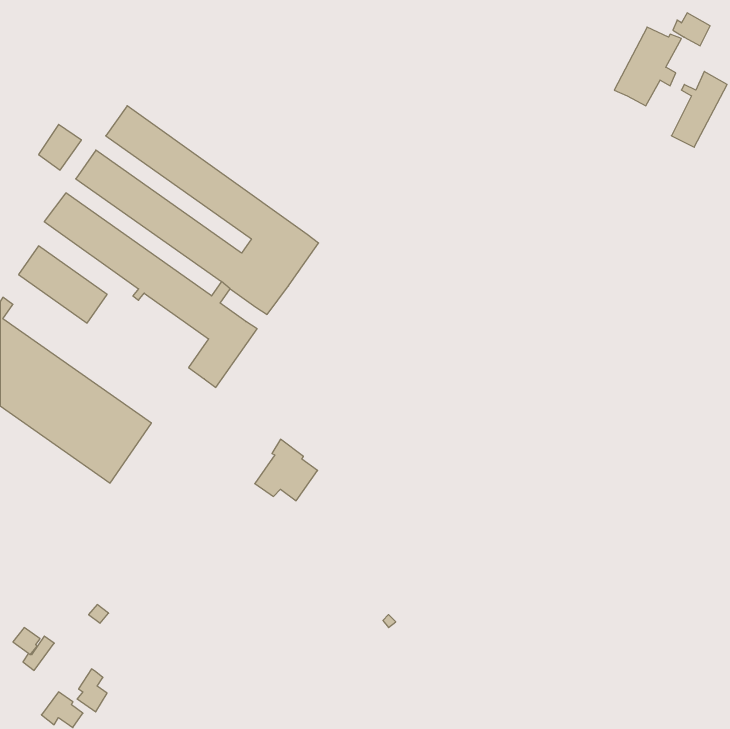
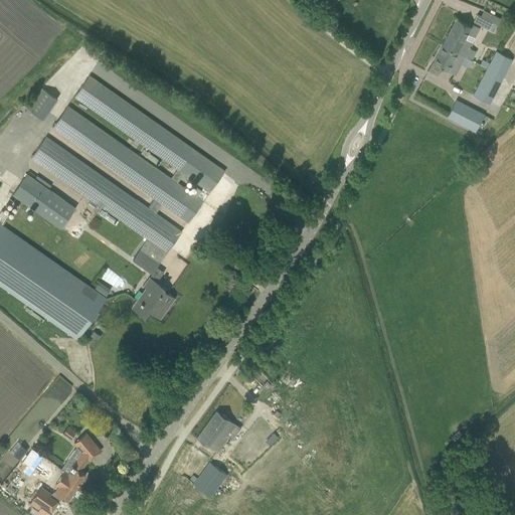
building: none -> [447,101,484,133]
building: [255,439,318,501] -> [131,277,175,320]
building: none -> [196,411,240,453]
building: none -> [67,434,101,489]
building: none -> [193,463,227,499]

